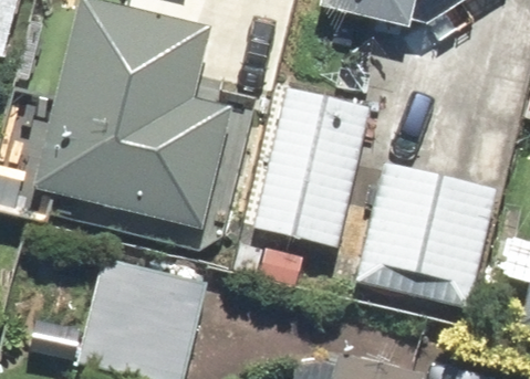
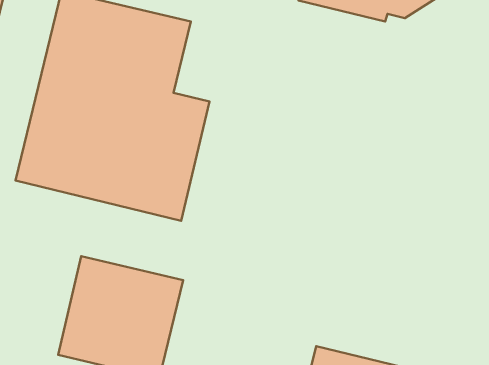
building: [253,87,368,245] -> none
building: [356,164,497,307] -> none

